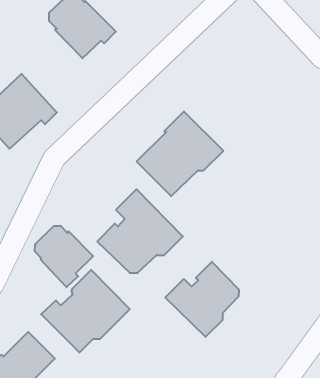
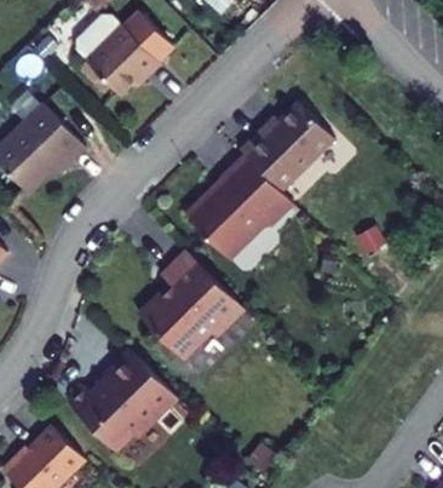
building: none -> [241,102,334,190]
building: [35,226,93,287] -> none
building: [165,262,239,337] -> none

